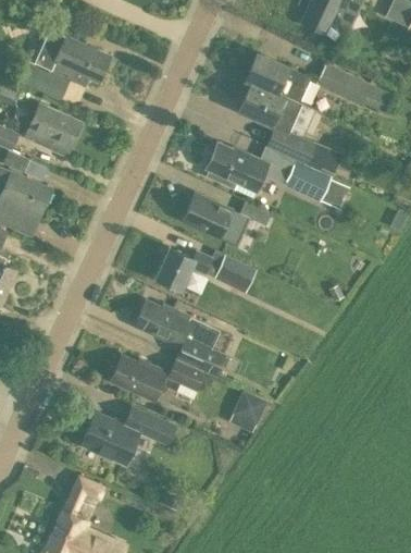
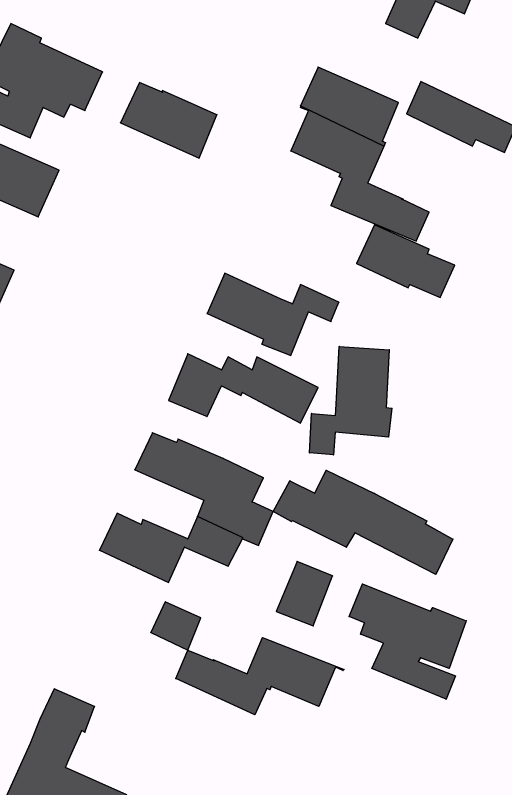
building: [203,142,269,193] -> [120,83,217,158]
building: none -> [310,346,392,455]
building: none -> [273,470,453,574]
building: none -> [349,584,466,699]
building: [79,413,138,465] -> none
building: none -> [176,638,344,715]

